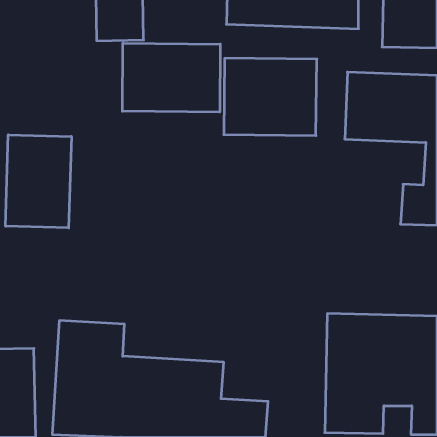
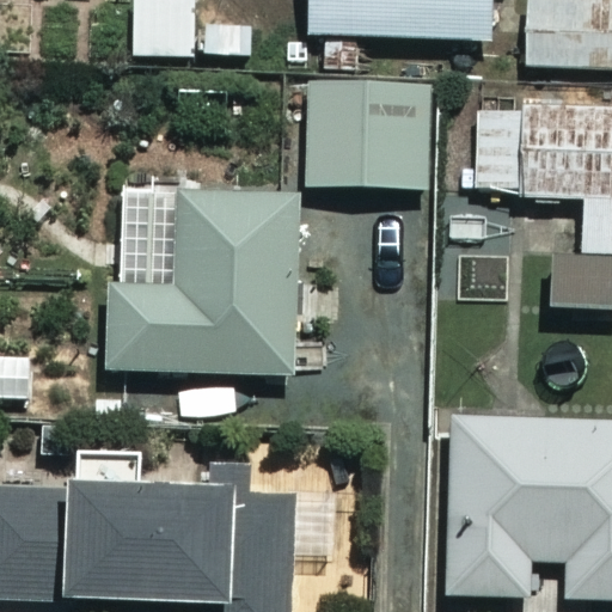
building: [122,43,220,112] -> none
building: [6,135,71,228] -> none
building: none -> [109,192,300,405]

